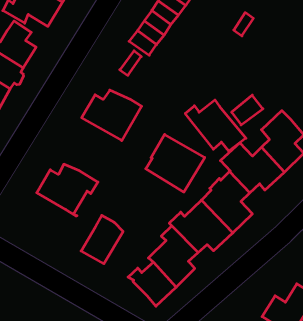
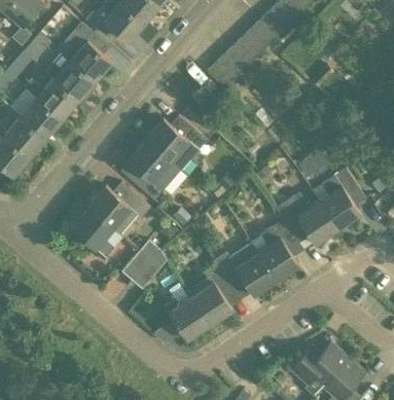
building: [185,100,246,151] -> none
building: [146,134,205,192] -> [121,140,182,201]
building: none -> [71,207,123,257]

